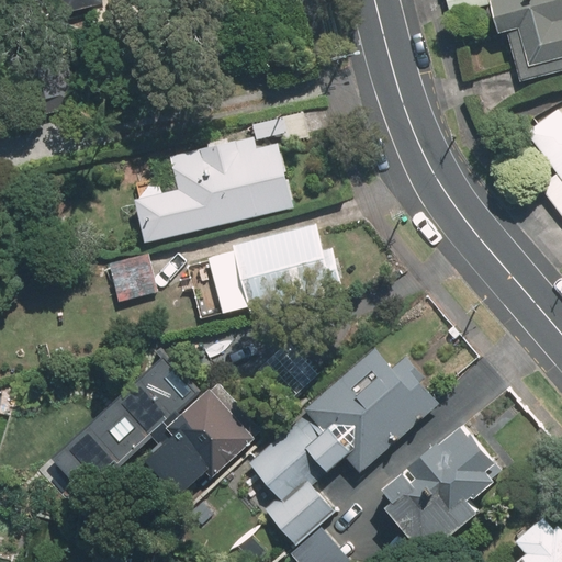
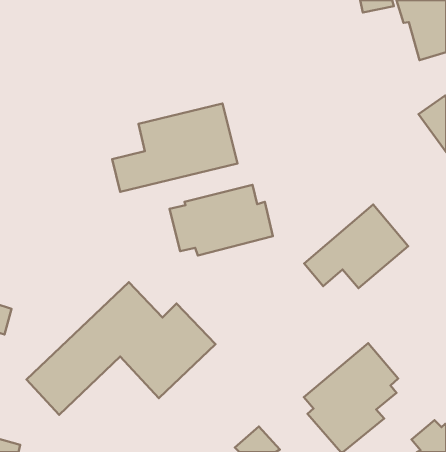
building: [105,250,159,300] -> none
building: none -> [304,205,408,288]
building: [241,349,437,543] -> none

